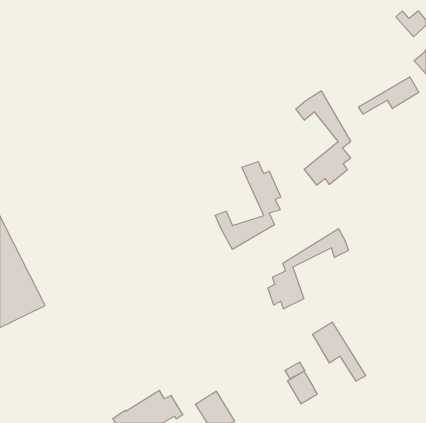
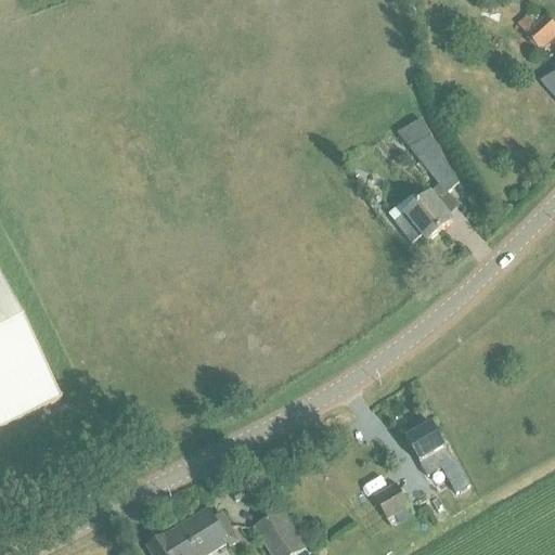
building: [359,77,419,114] -> none
building: [215,162,281,249] -> none
building: [268,229,348,309] -> none

